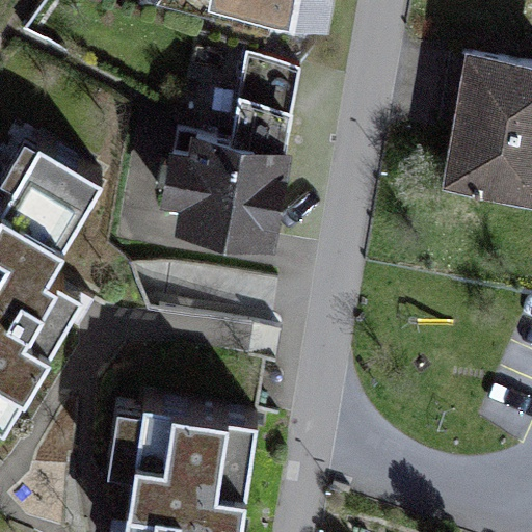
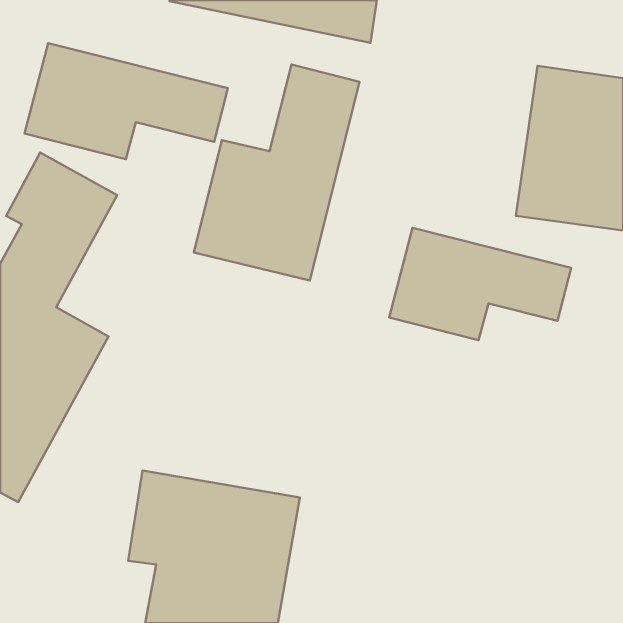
building: none -> [25,43,228,159]
building: none -> [389,228,571,340]

